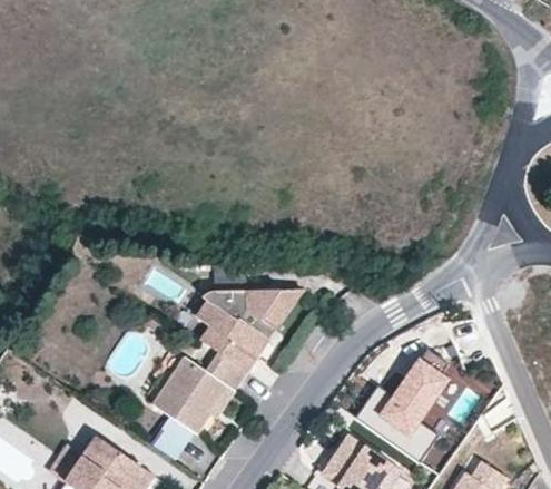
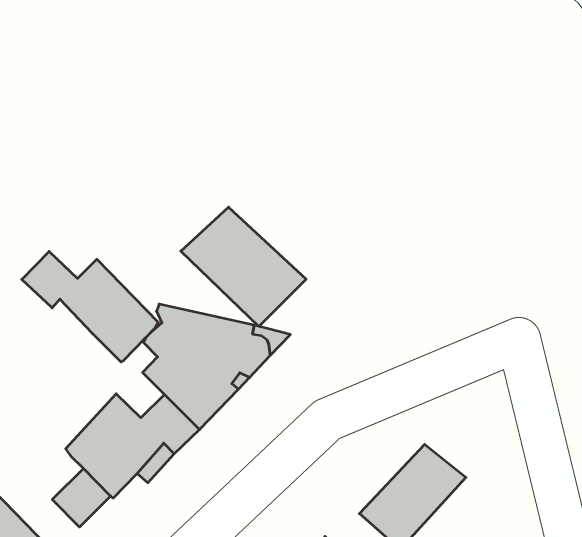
building: none -> [181,207,306,326]
building: none -> [22,251,158,362]

